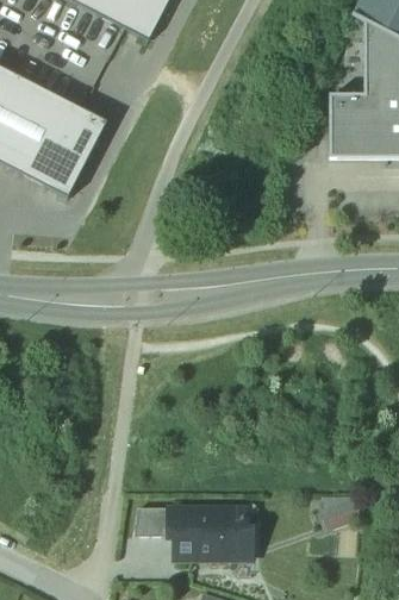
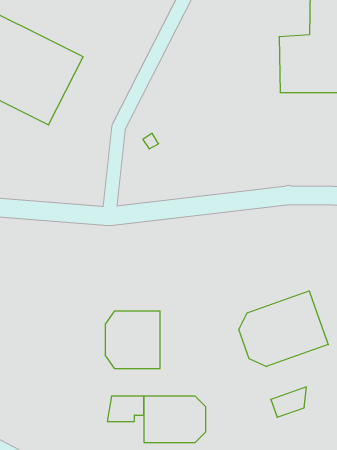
building: none -> [239,291,328,367]
building: none -> [106,311,160,369]

